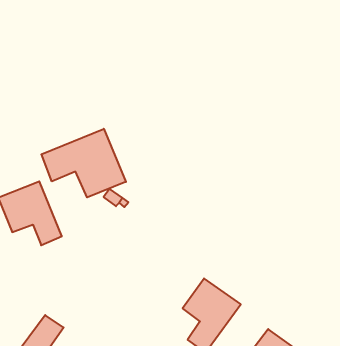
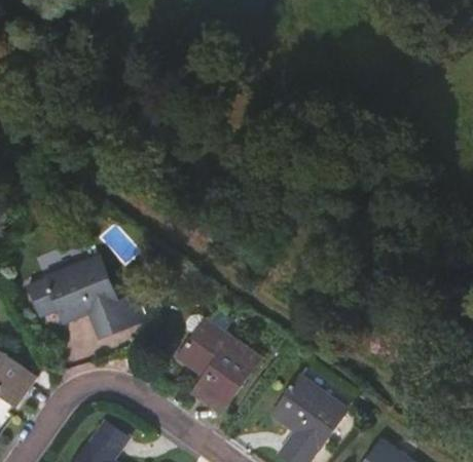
building: [41,129,126,197] -> none
building: none -> [178,313,259,412]

